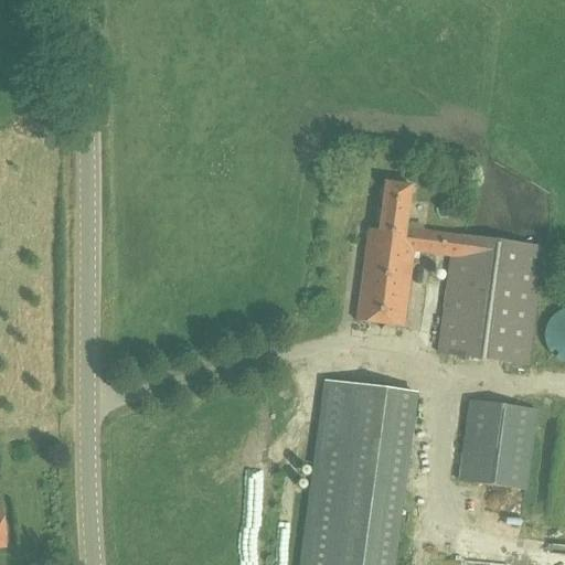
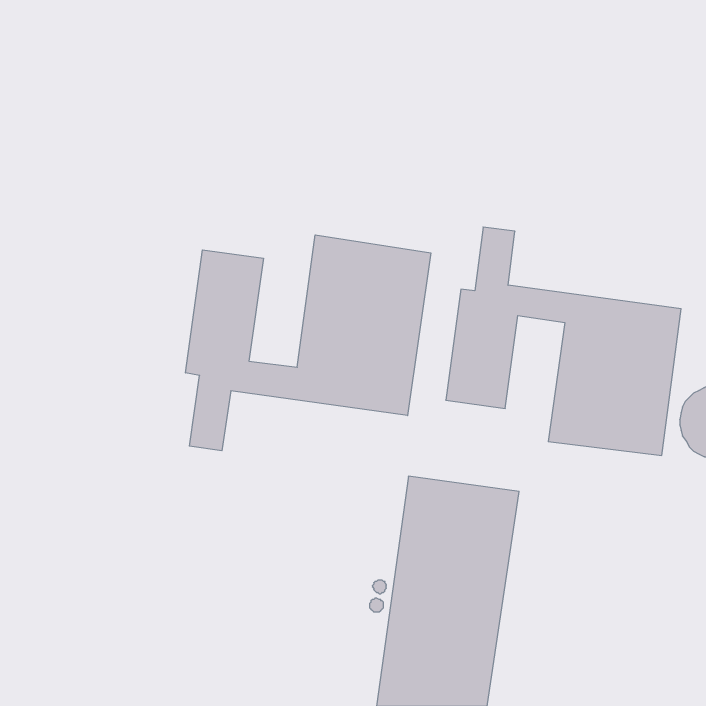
building: none -> [186,235,431,451]
building: [458,401,537,490] -> none

